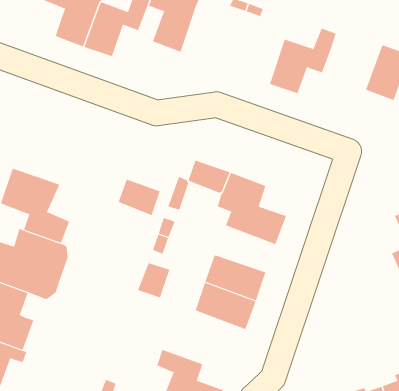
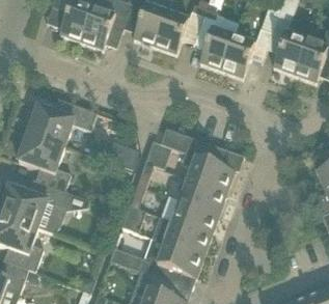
building: none -> [155,10,189,52]
building: none -> [269,11,306,73]
building: none -> [199,26,232,68]
building: none -> [27,101,97,144]
building: none -> [180,175,226,211]
building: none -> [110,240,203,280]

